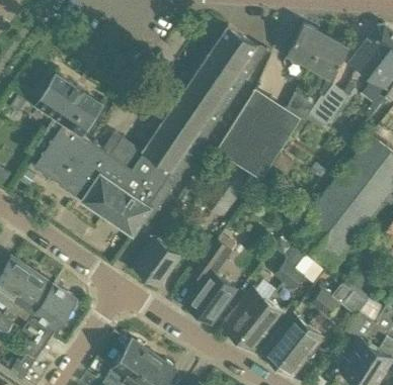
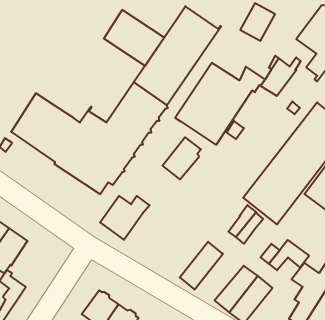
building: [310,36,347,78] -> none
building: [34,74,101,135] -> [104,10,164,66]
building: [185,242,236,323] -> none
building: [29,284,76,336] -> none
building: [237,300,284,353] -> none

